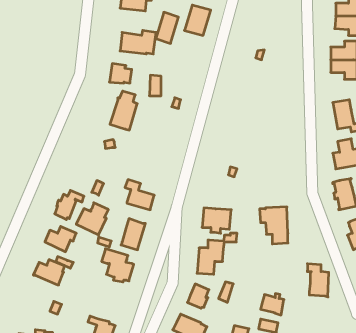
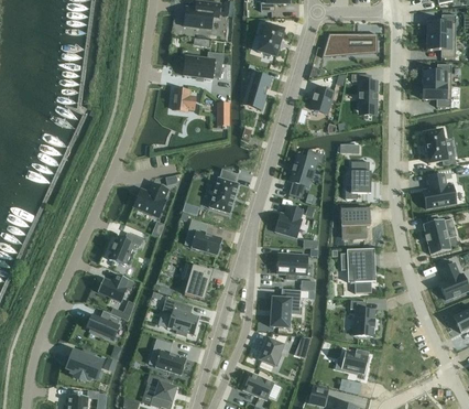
building: [156,12,178,43] -> [244,72,270,107]
building: none -> [324,34,377,52]
building: none -> [359,80,377,108]
building: none -> [310,85,335,115]
building: [110,91,137,130] -> [208,170,239,214]
building: none -> [288,155,315,198]
building: none -> [345,162,369,200]
building: none -> [273,205,303,238]
building: none -> [343,209,369,239]
building: [76,203,108,235] -> [132,182,168,218]
building: [307,264,329,297] -> [350,300,374,337]
building: none -> [153,338,186,375]
building: none -> [63,349,102,380]

